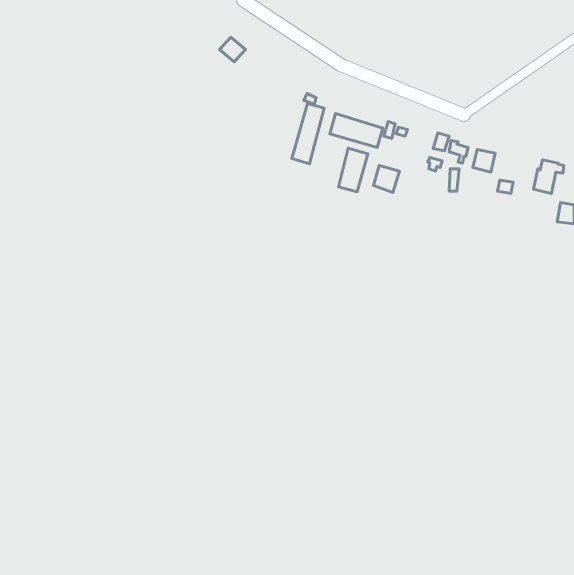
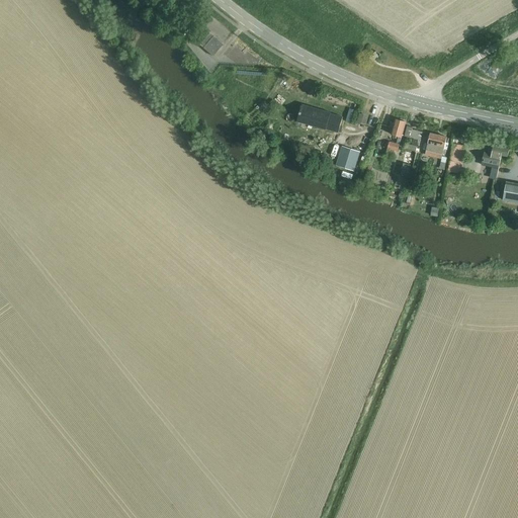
building: [292,103,324,164] -> none
building: [338,148,368,192] -> none

